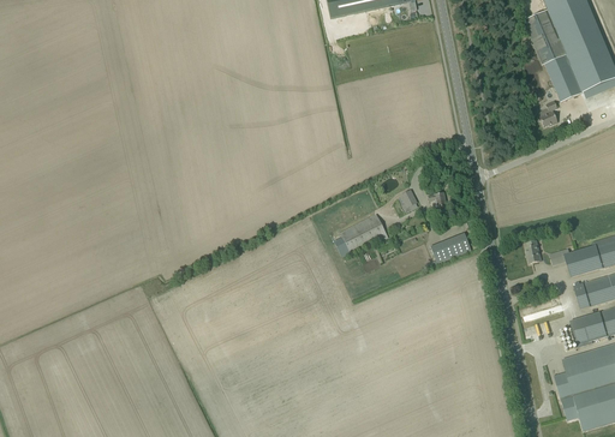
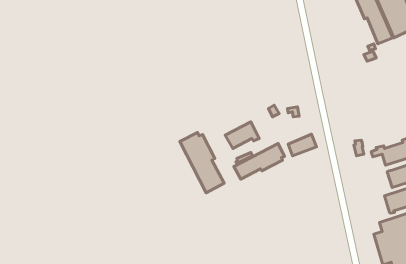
building: none -> [180,133,224,193]
building: none -> [234,144,284,179]

